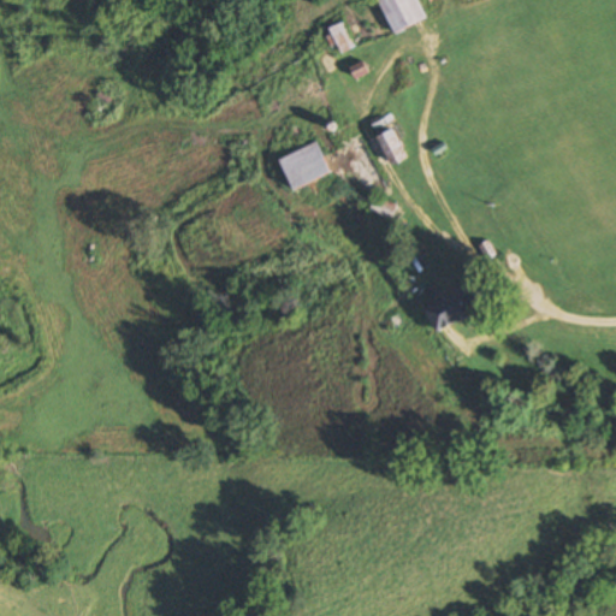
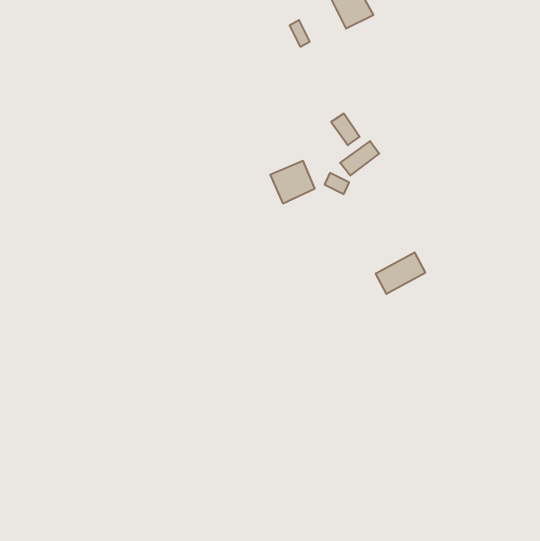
building: [278,142,328,190] -> [270,161,315,203]
building: none -> [340,141,379,176]

